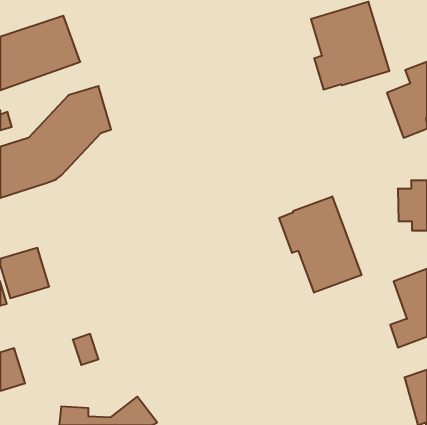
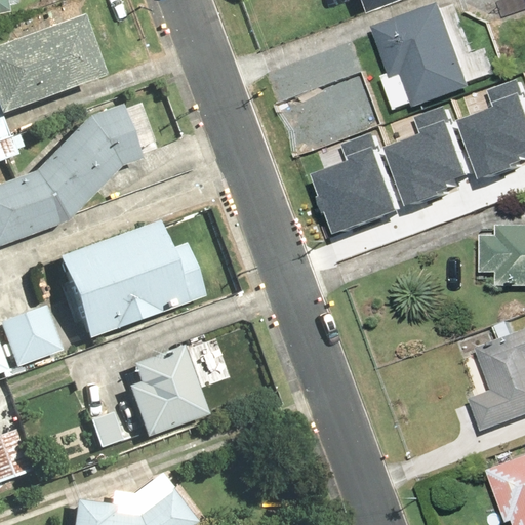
building: none -> [402,105,475,198]
building: none -> [329,130,402,224]
building: none -> [55,221,203,340]
building: [279,196,361,293] -> none
building: none -> [126,346,208,437]

